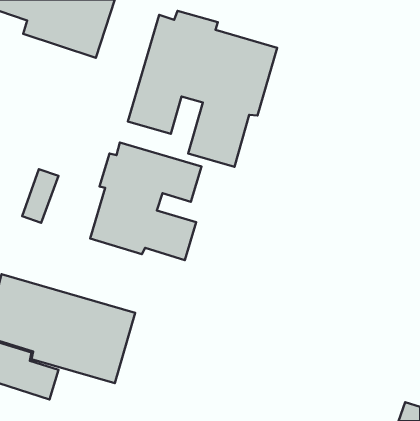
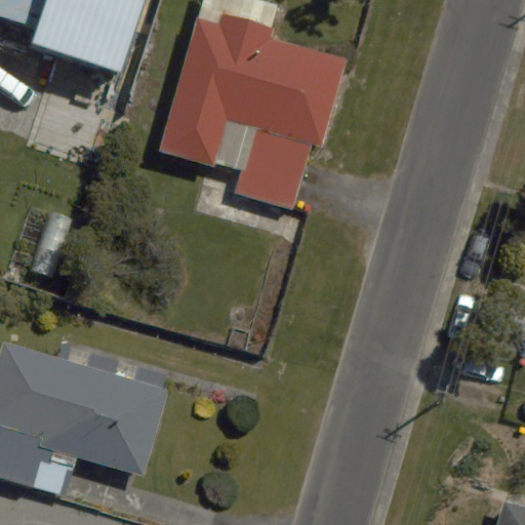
building: [90,143,201,260] -> none

